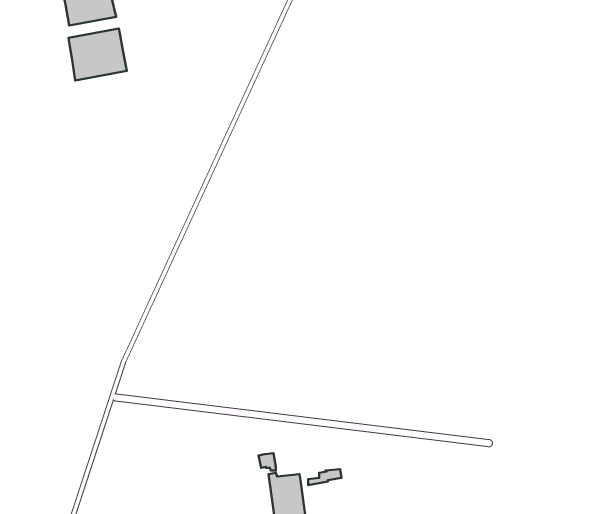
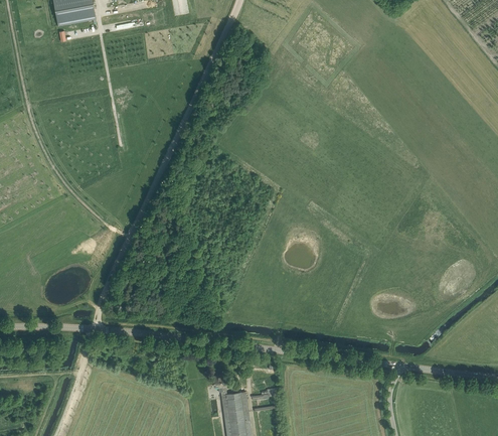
building: [68,28,127,81] -> none

